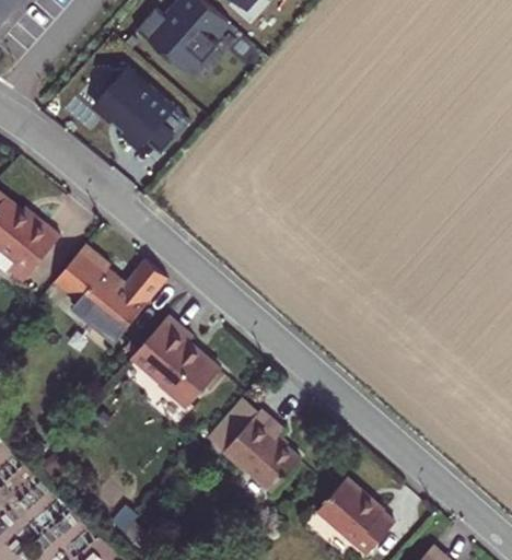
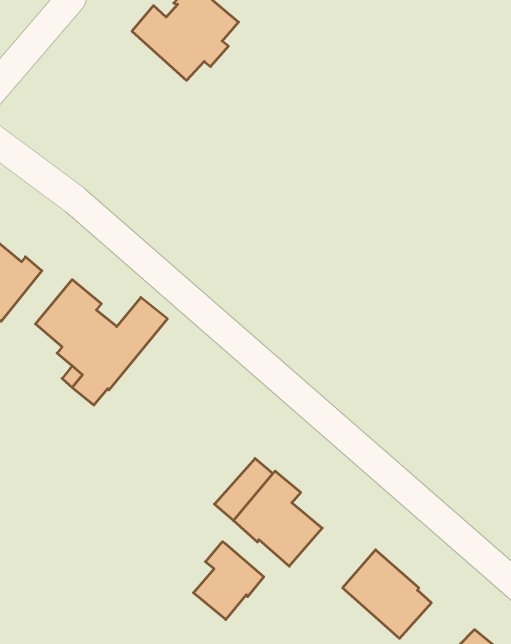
building: [94,68,190,154] -> none
building: [132,315,220,407] -> none
building: none -> [193,542,264,620]

